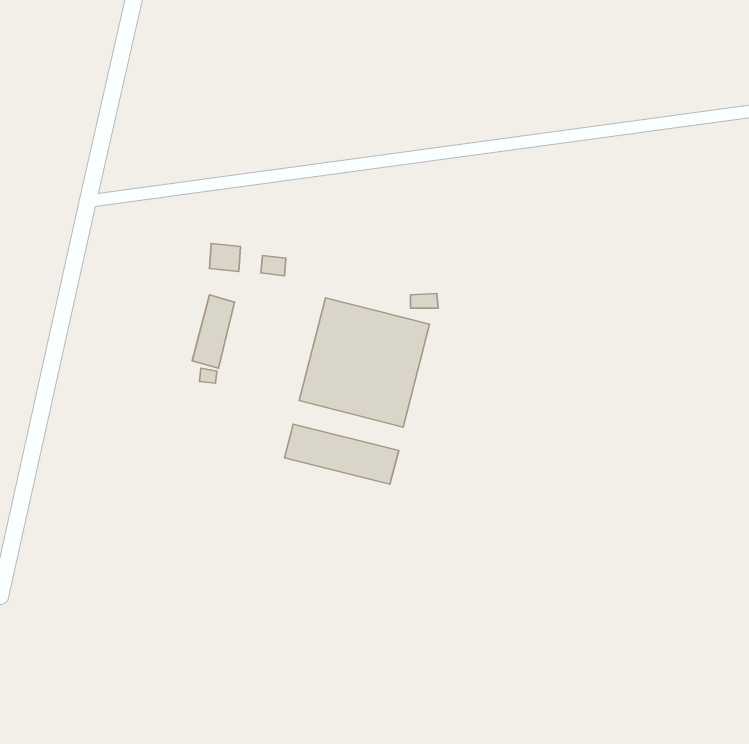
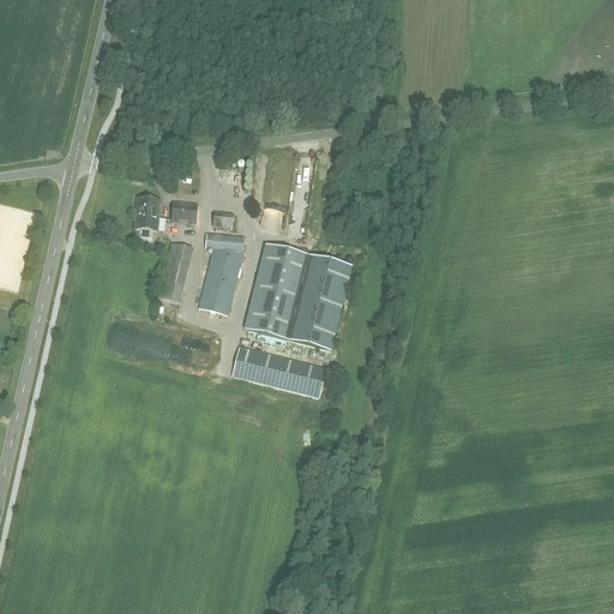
building: none -> [133,195,159,237]
building: none -> [199,231,242,312]

